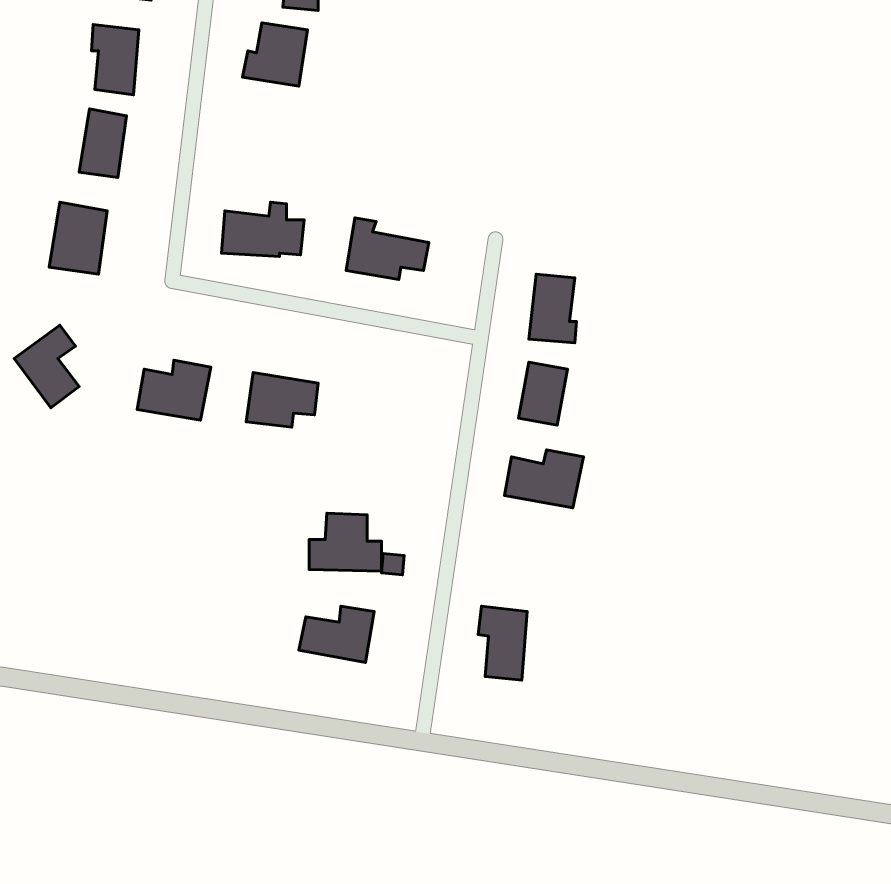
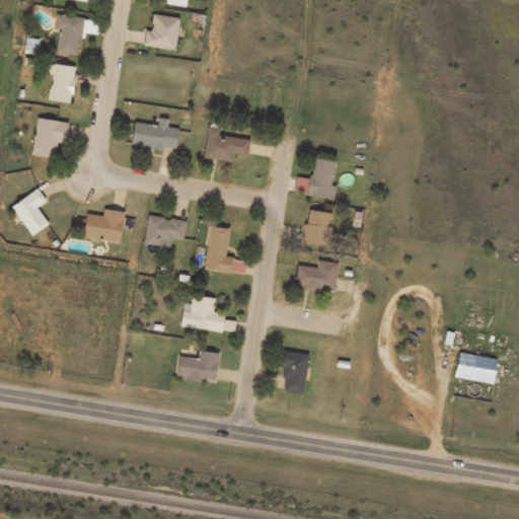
building: none -> [206,225,247,275]
building: none -> [455,352,498,383]

